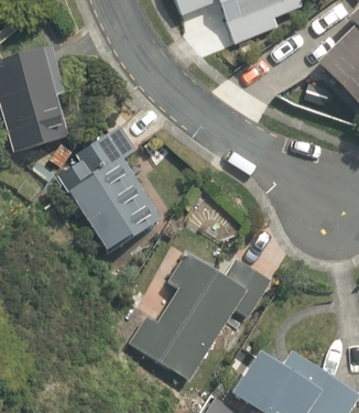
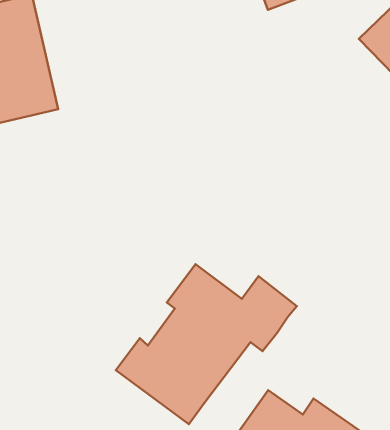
building: [46,123,159,251] -> none

